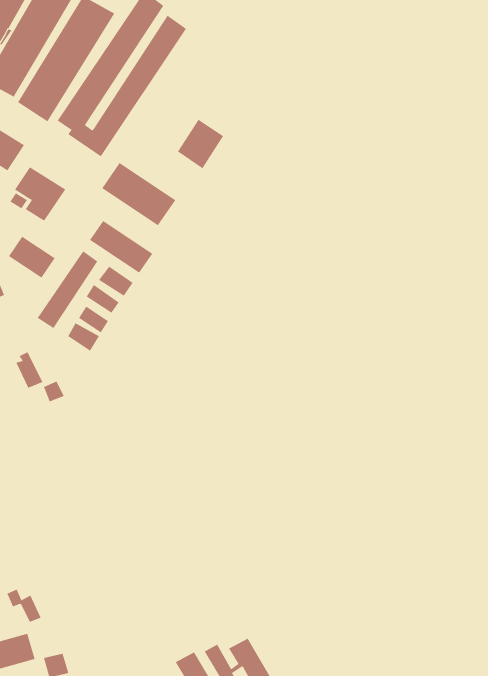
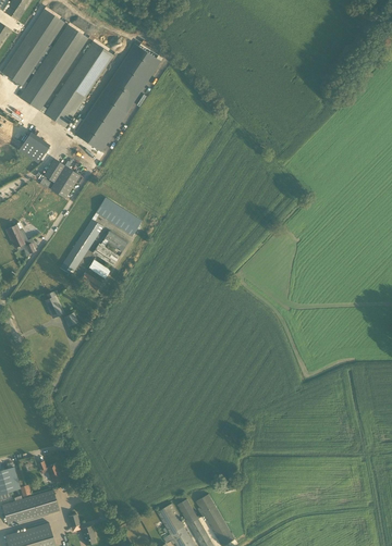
building: [177,119,224,169] -> none
building: [101,162,176,226] -> none
building: [8,236,55,278] -> none

